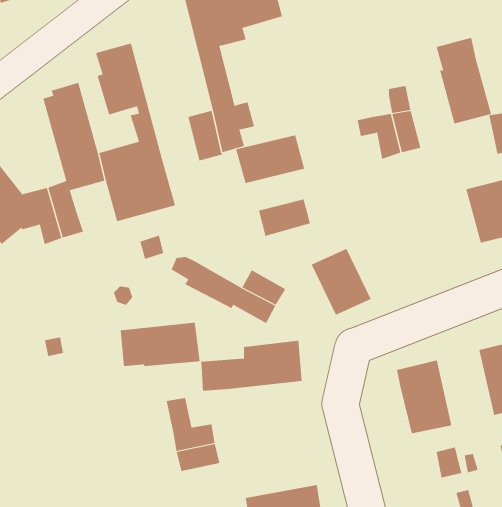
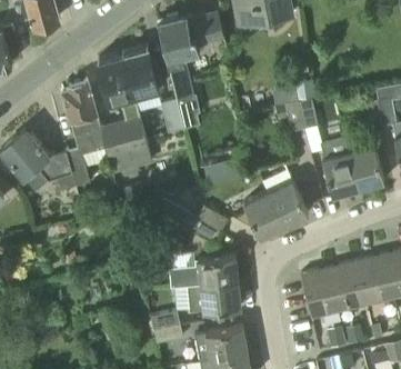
building: none -> [122,47,163,94]
building: [436,37,492,124] -> [320,137,358,196]
building: [236,134,305,184] -> none
building: none -> [268,181,309,227]
building: [120,322,201,366] -> [187,282,241,312]
building: none -> [329,261,367,312]
building: none -> [194,326,248,361]

